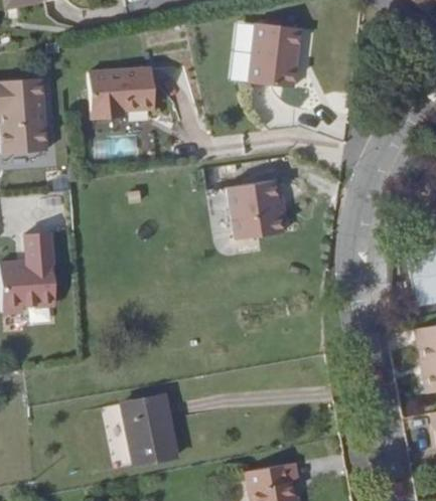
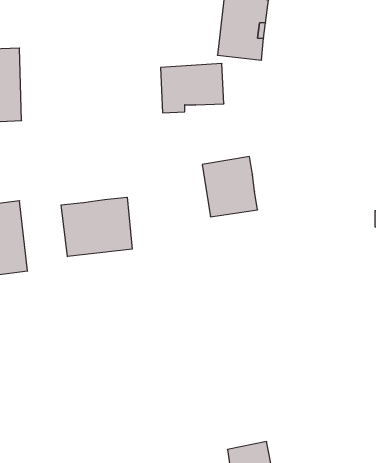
building: [92,66,155,116] -> [161,64,224,113]
building: none -> [61,197,132,257]
building: [127,402,177,469] -> none

